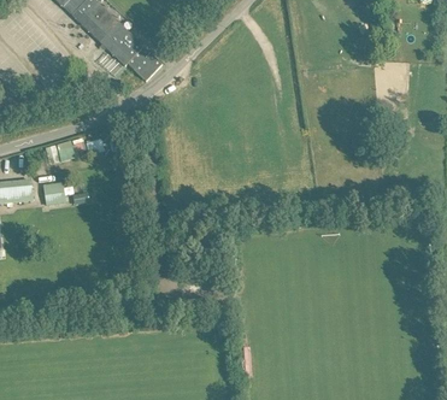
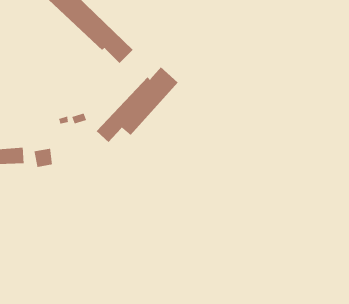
building: none -> [96,66,178,143]

